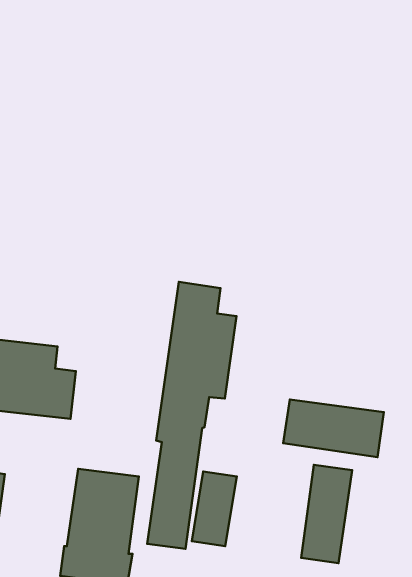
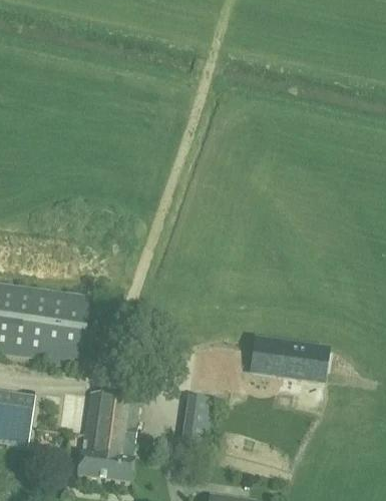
building: [147,282,236,549] -> none
building: [301,465,352,563] -> none

